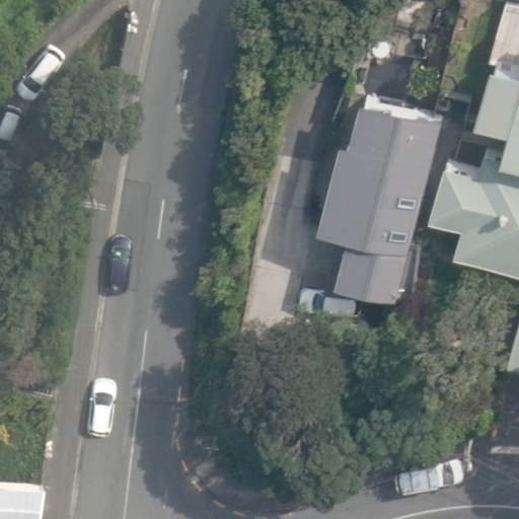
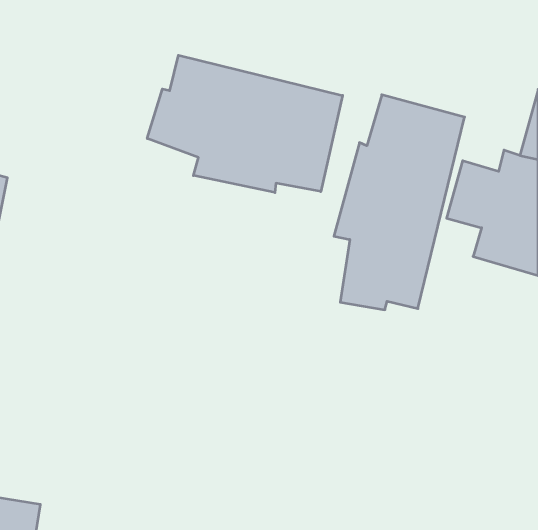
building: none -> [147,55,343,193]

